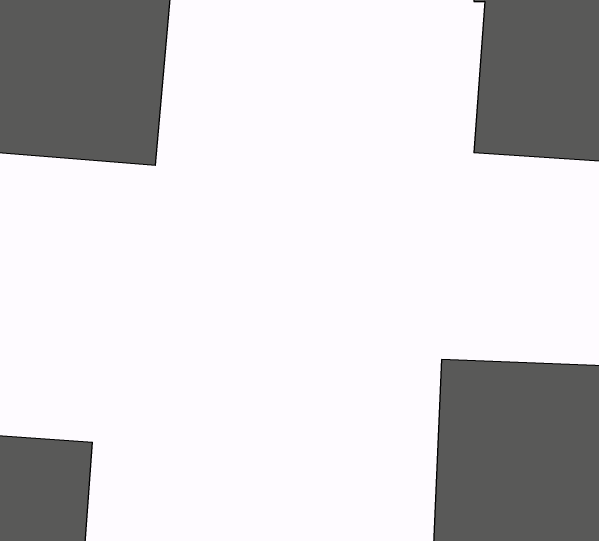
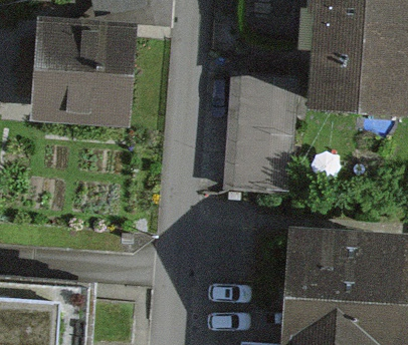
building: none -> [222,65,291,190]

